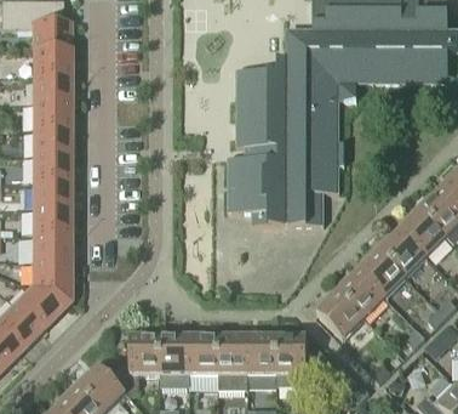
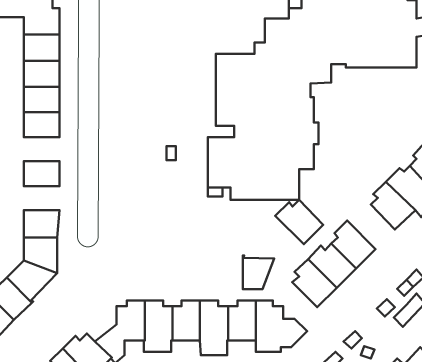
building: [33,158,70,183] -> none
building: [33,210,70,236] -> none
building: [376,229,426,277] -> [275,200,323,244]
building: none -> [243,255,274,289]

